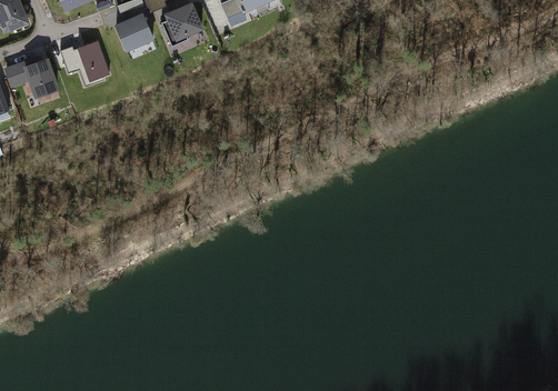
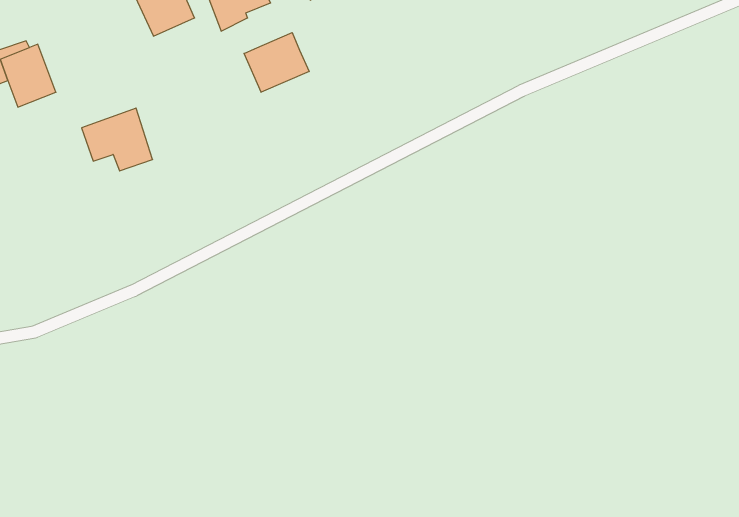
building: [61,41,109,83] -> [82,108,153,171]
building: none -> [244,33,309,92]

